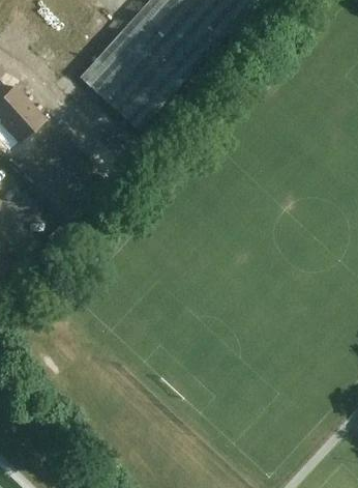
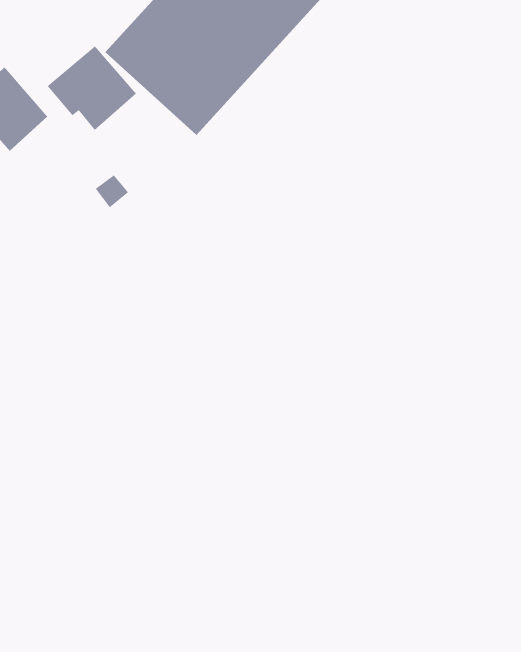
building: none -> [47,46,137,131]

